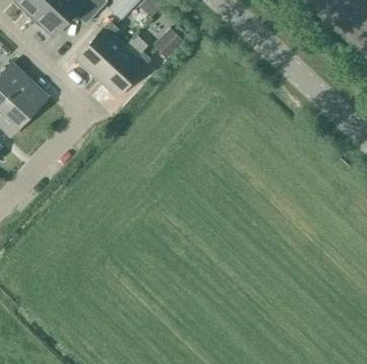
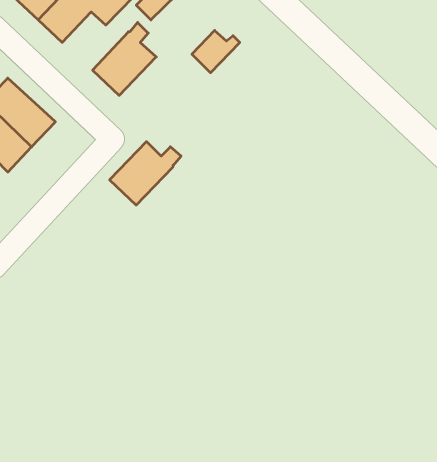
building: [96,47,151,95] -> [110,142,181,205]

